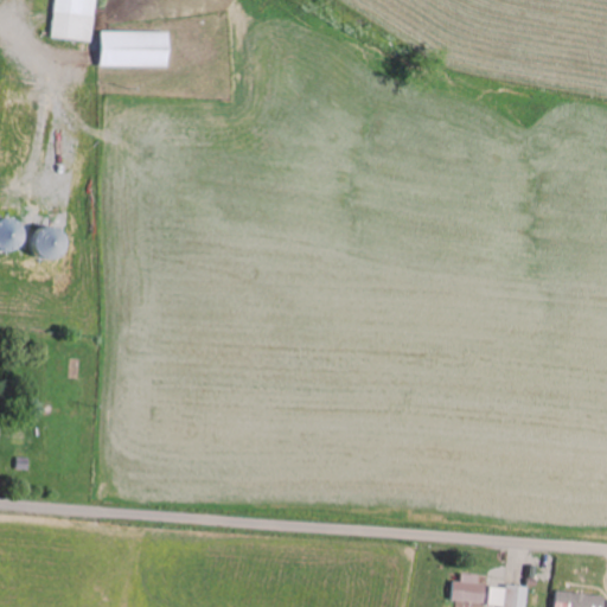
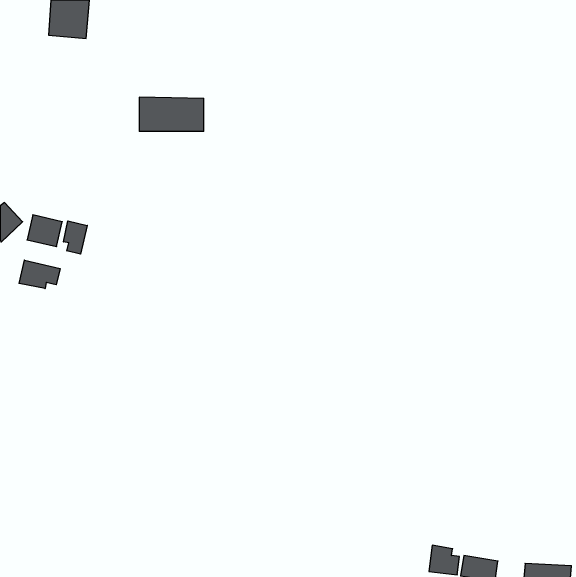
building: [101,31,168,66] -> [139,97,204,131]
building: none -> [64,221,87,254]
building: none -> [19,260,60,289]

